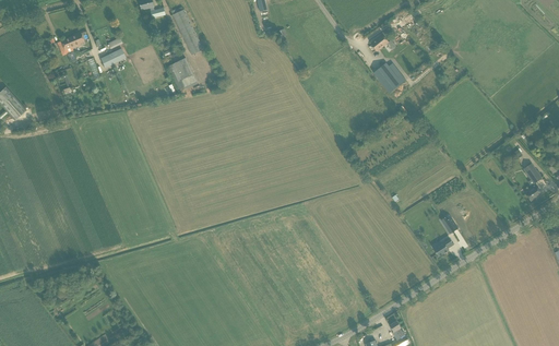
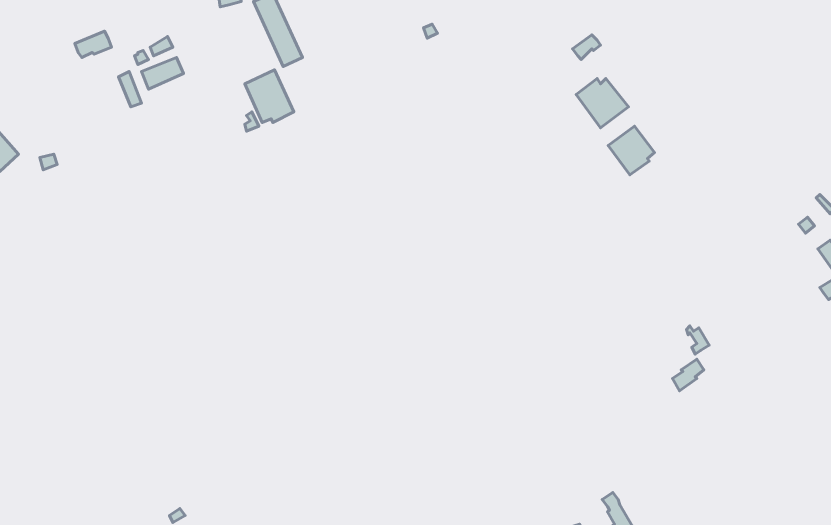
building: none -> [608,126,655,175]

